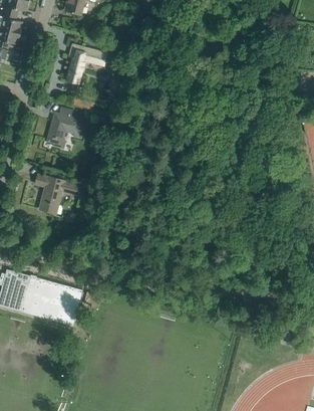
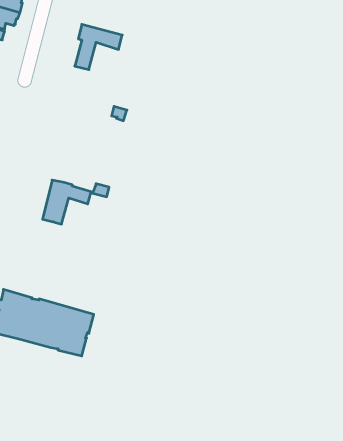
building: [47,107,84,149] -> none

